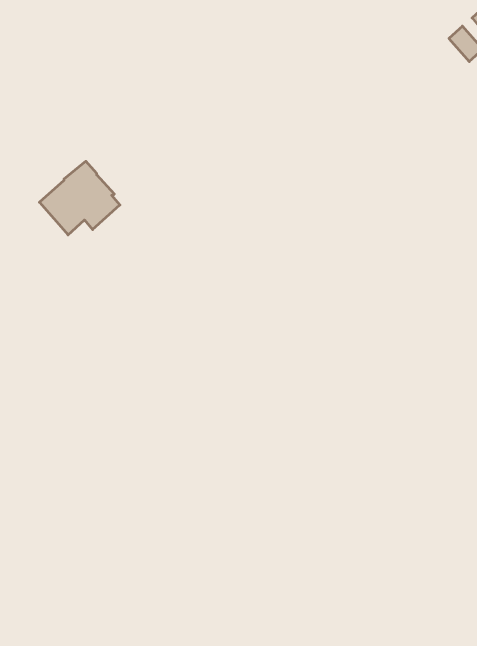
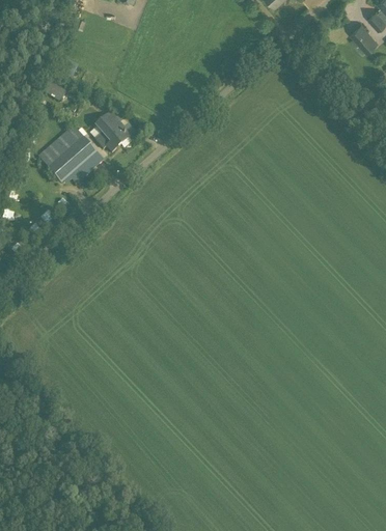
building: none -> [89,113,129,151]

